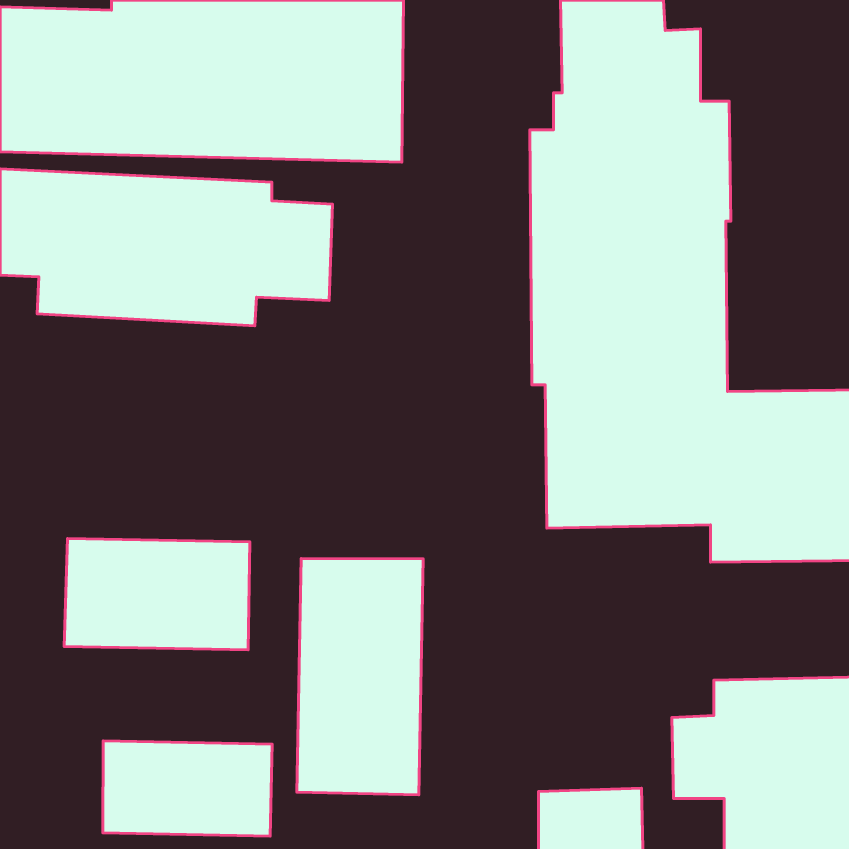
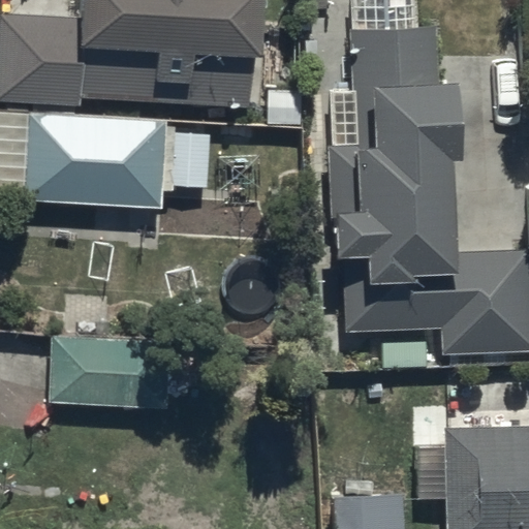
building: [297,559,423,795] -> none
building: [103,741,272,836] -> none

